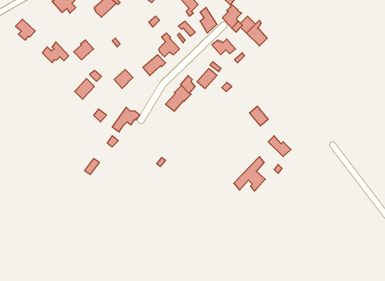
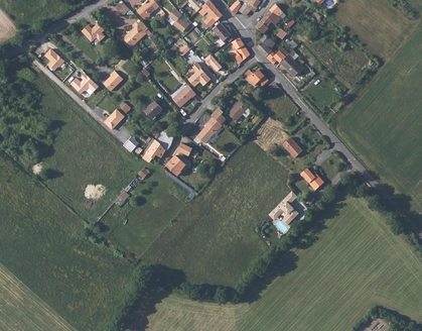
building: none -> [166,140,192,174]

